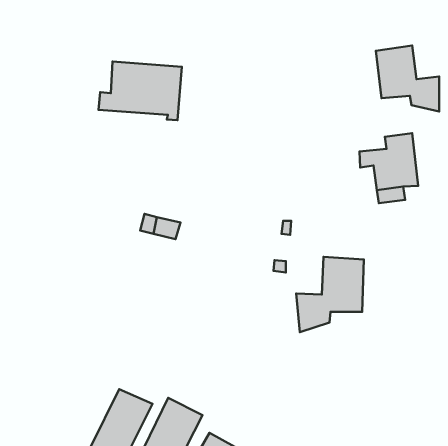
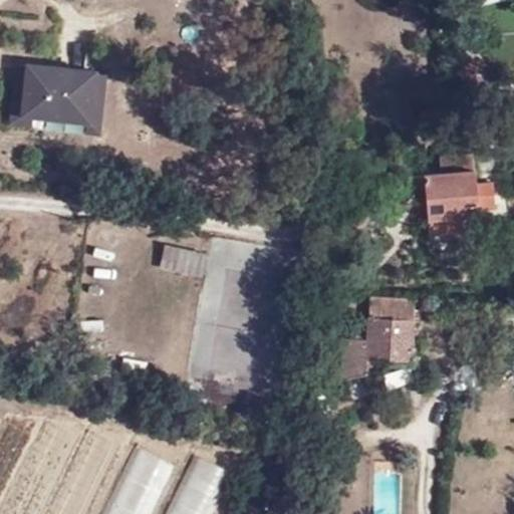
building: [376,45,439,112] -> none
building: [99,62,182,120] -> [10,70,105,138]

